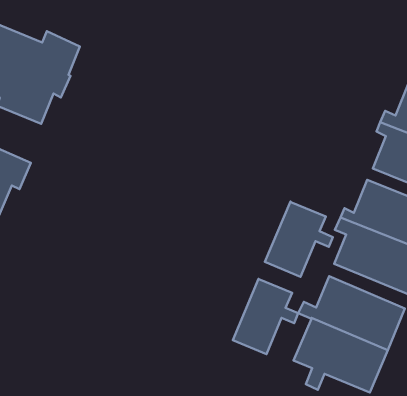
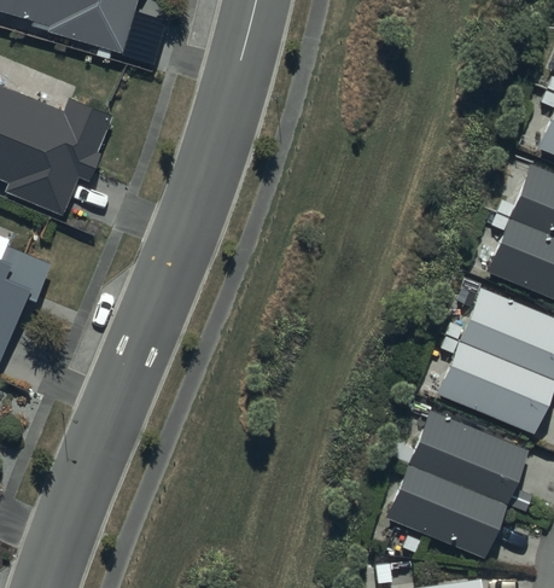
building: [265,202,333,277] -> none
building: [233,279,298,354] -> none

